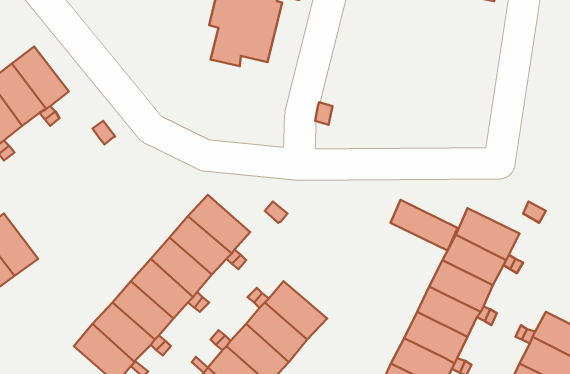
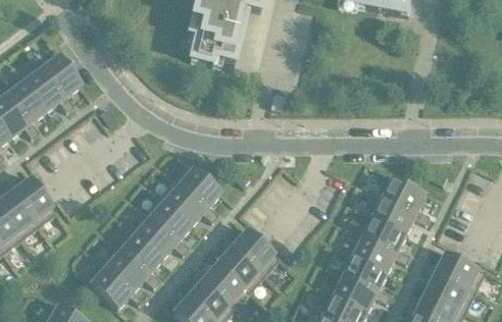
building: [390,200,458,251] -> none

